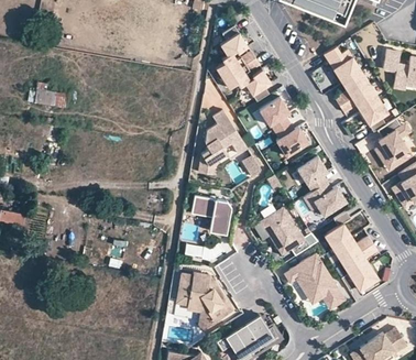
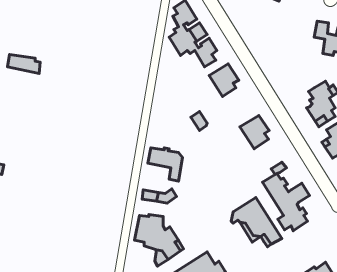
building: [324,47,385,132] -> none
building: [197,109,247,173] -> none
building: [277,128,314,162] -> none
building: [306,185,350,221] -> none
building: [261,206,306,254] -> none

